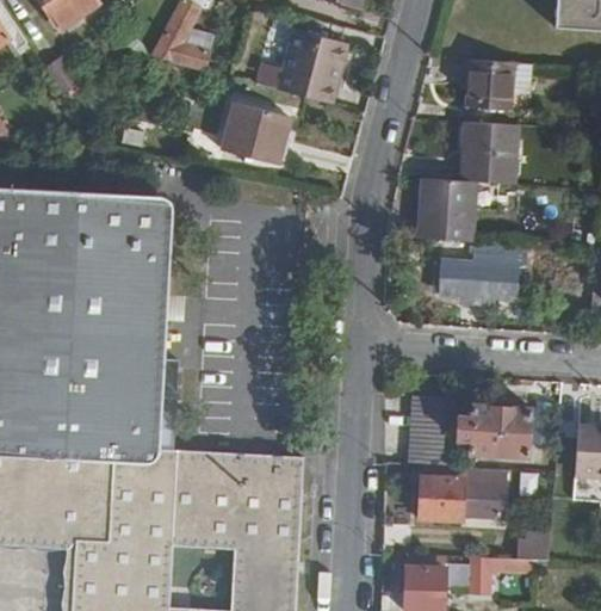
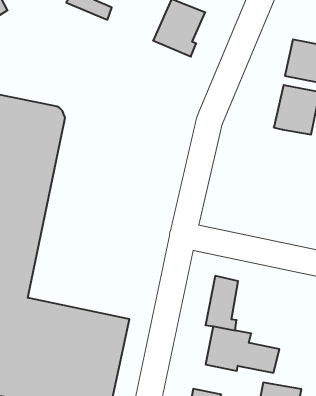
building: [222,100,292,163] -> none
building: [419,180,472,241] -> none
building: [439,242,523,300] -> none
building: [454,406,531,459] -> none

